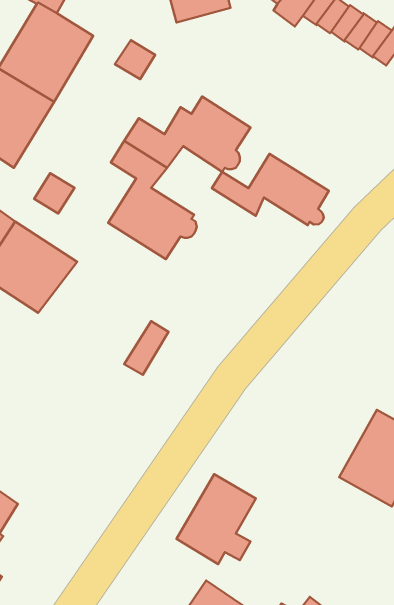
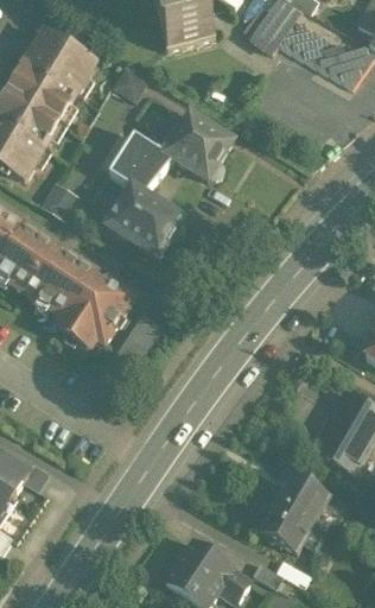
building: [212,154,329,225] -> none
building: none -> [44,260,134,344]
building: [177,474,256,564] -> [259,473,329,552]

